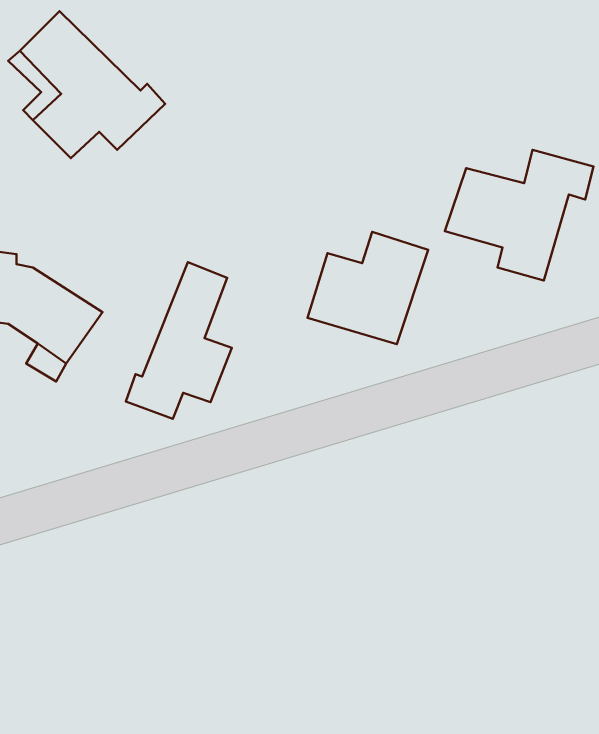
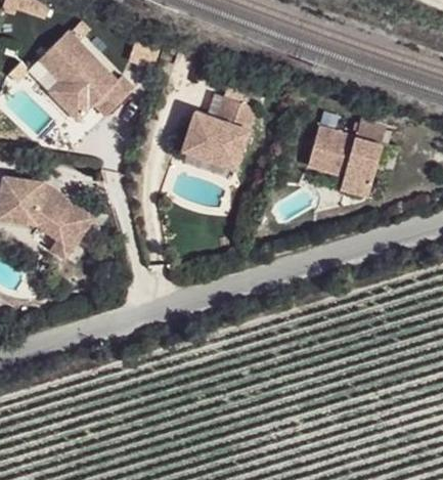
building: [308,232,428,344] -> [180,98,255,168]
building: [126,262,232,419] -> none

